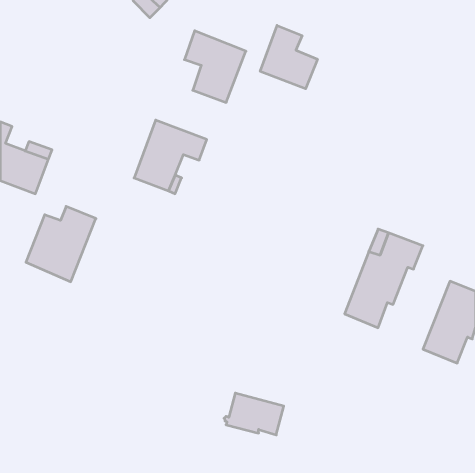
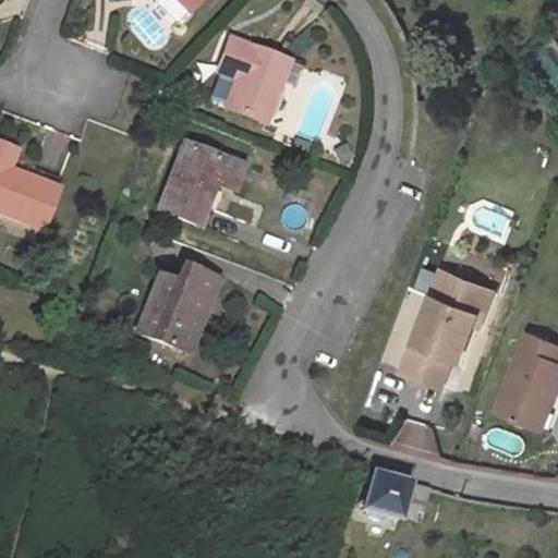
building: [260,25,317,89] -> none
building: [26,206,96,282] -> [136,264,218,352]
building: [224,393,284,435] -> [359,471,428,520]

